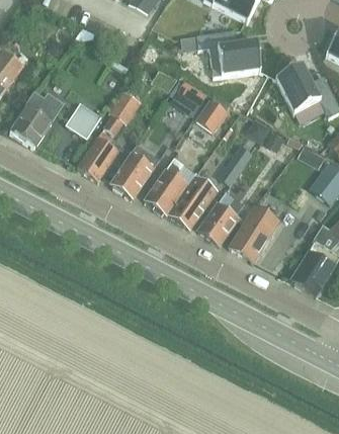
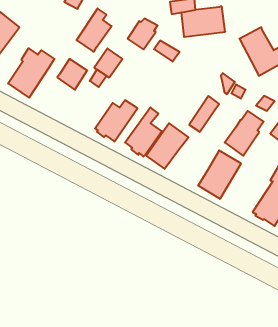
building: [195,96,230,132] -> [128,19,158,49]
building: [78,129,118,179] -> [76,8,112,52]
building: [198,191,243,243] -> [225,111,264,156]

